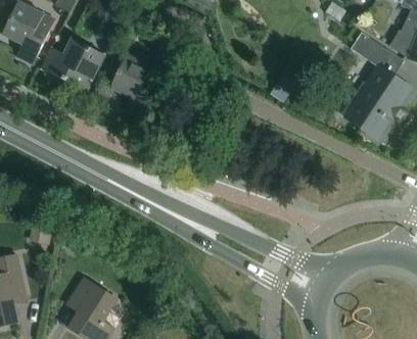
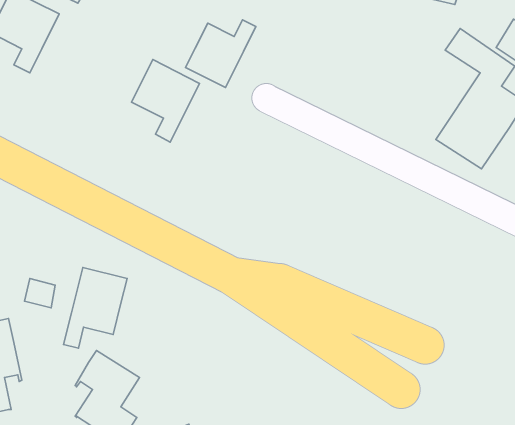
building: none -> [186,20,256,87]
building: [40,38,103,91] -> none
building: none -> [64,268,127,348]

